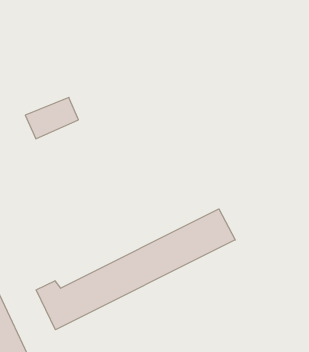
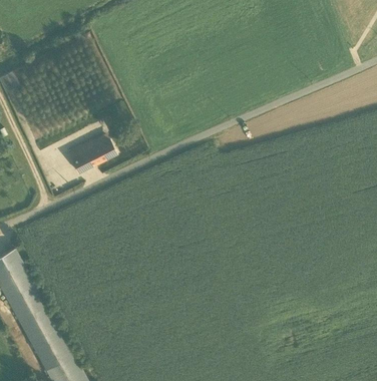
building: [36,209,235,330] -> none

